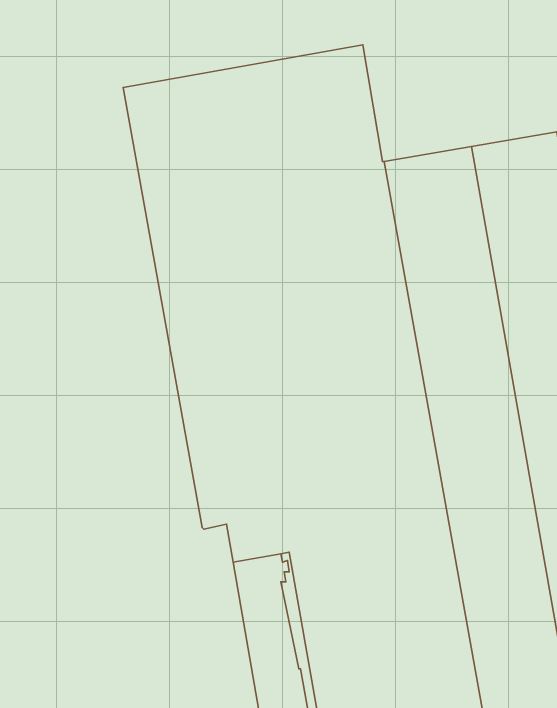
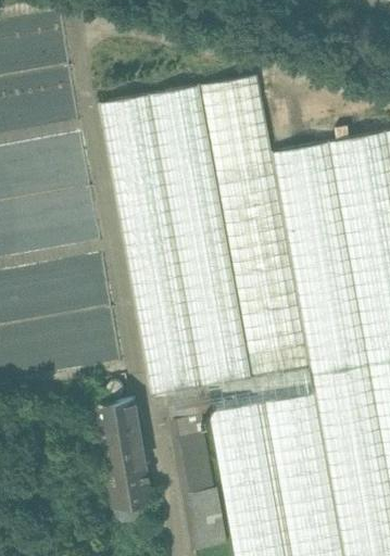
building: none -> [100,397,153,508]

